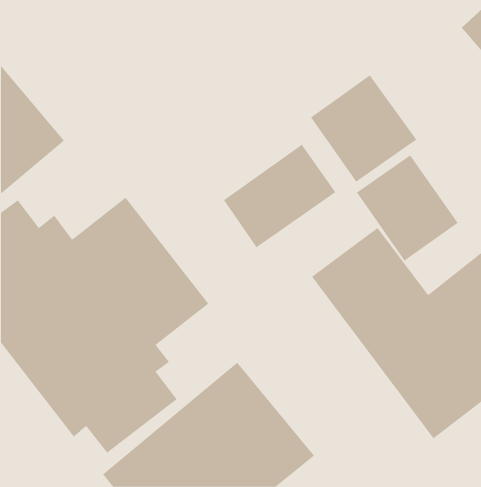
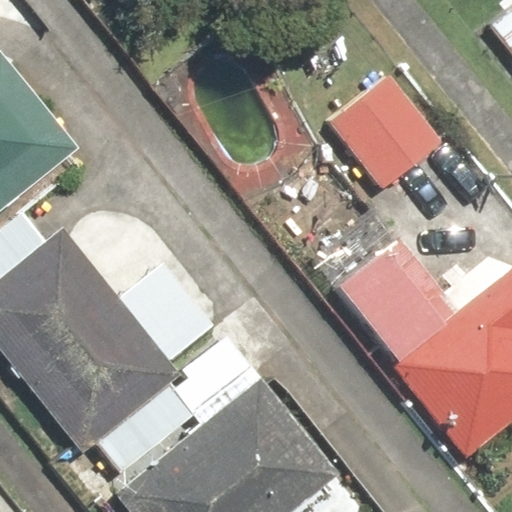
building: [223,144,336,248] -> none
building: [356,155,459,262] -> none

